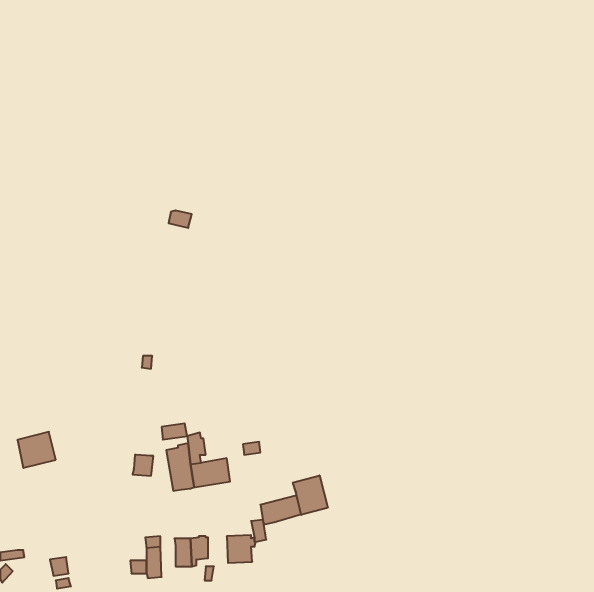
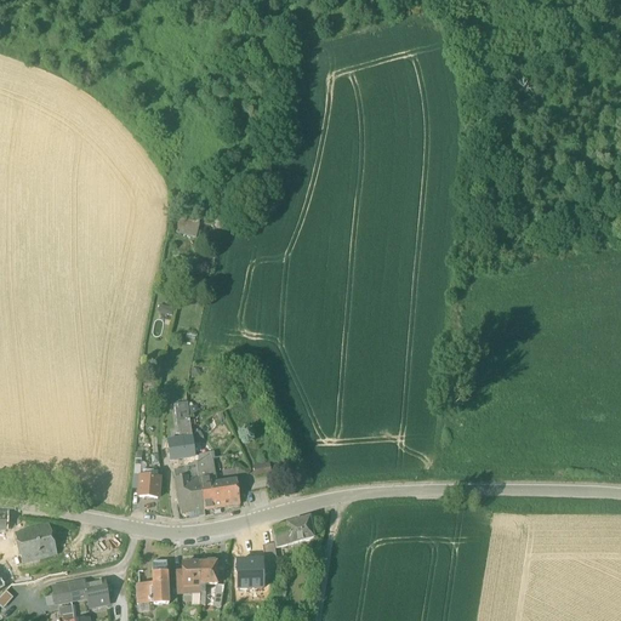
building: none -> [167,400,193,445]
building: [17,432,56,468] -> [16,523,56,560]
building: [293,475,328,515] -> none
building: none -> [69,579,108,605]

